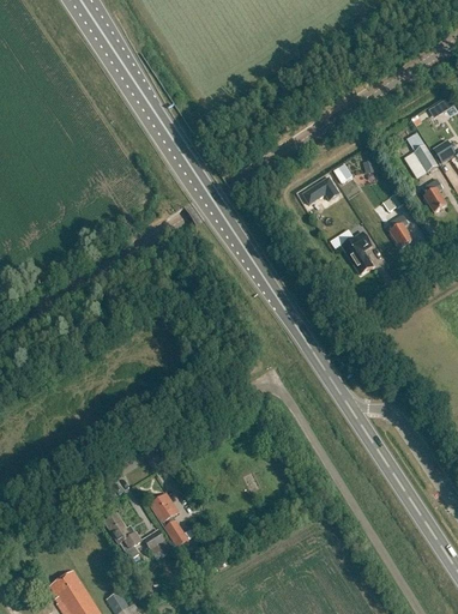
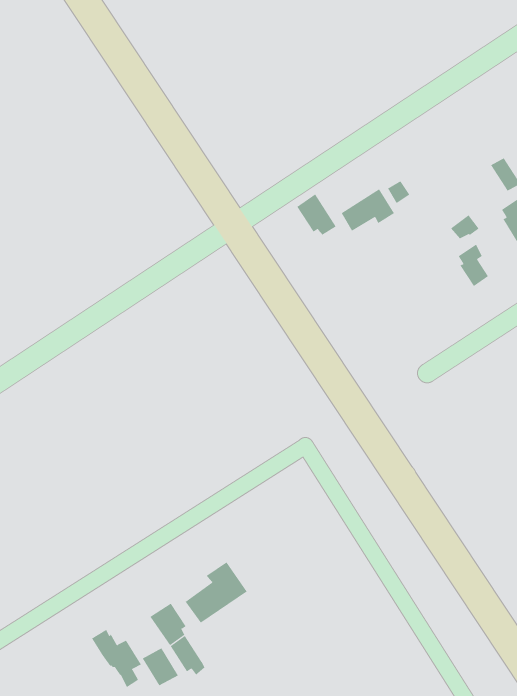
building: none -> [297,194,337,236]
building: [342,233,373,275] -> none
building: none -> [185,561,247,623]

